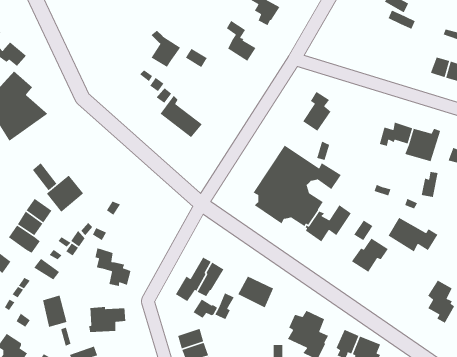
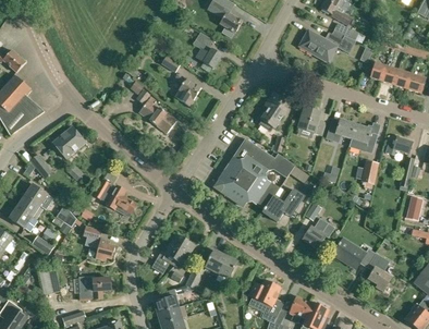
building: none -> [299,29,342,62]
building: [151,30,181,68] -> [175,73,201,106]
building: none -> [298,107,329,136]
building: [46,175,84,213] -> [53,126,86,159]
building: none -> [107,185,137,218]
building: [387,217,438,252] -> [333,239,377,269]

